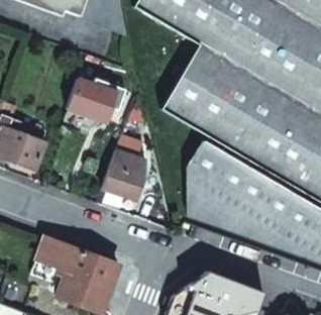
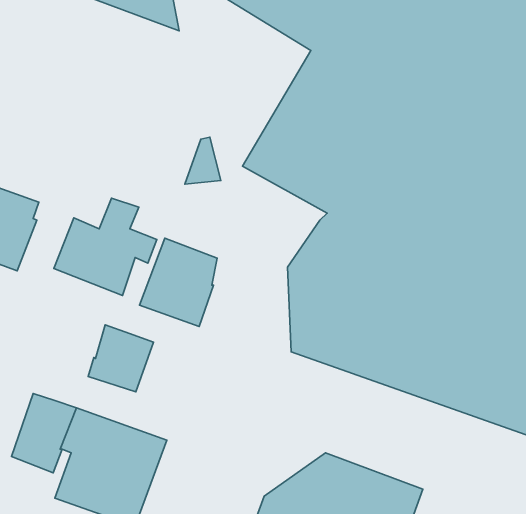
building: [69,70,126,124] -> [54,198,157,295]
building: none -> [88,325,153,392]

